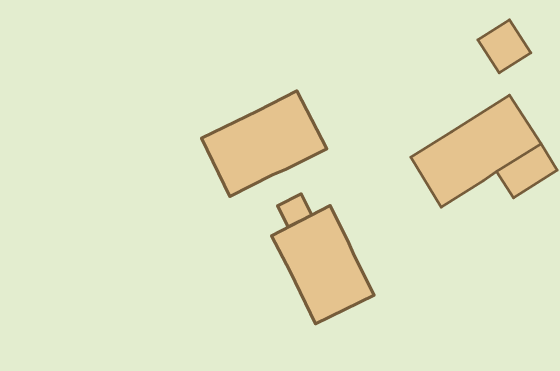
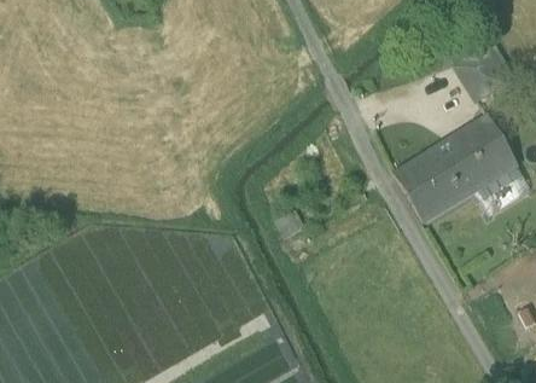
building: [202,91,327,197] -> none
building: [272,206,374,324] -> none

